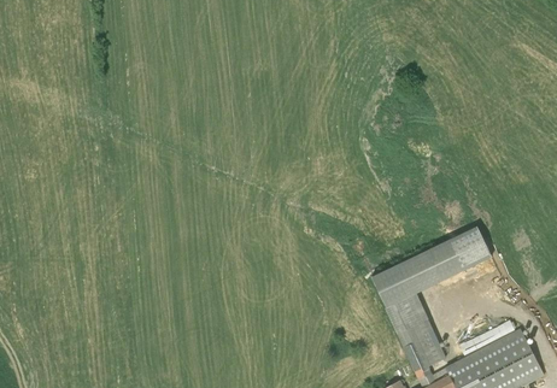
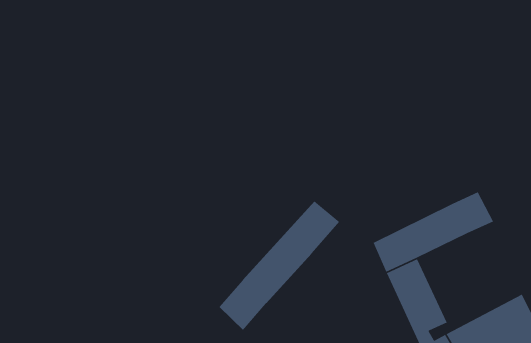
building: none -> [219,201,340,331]

